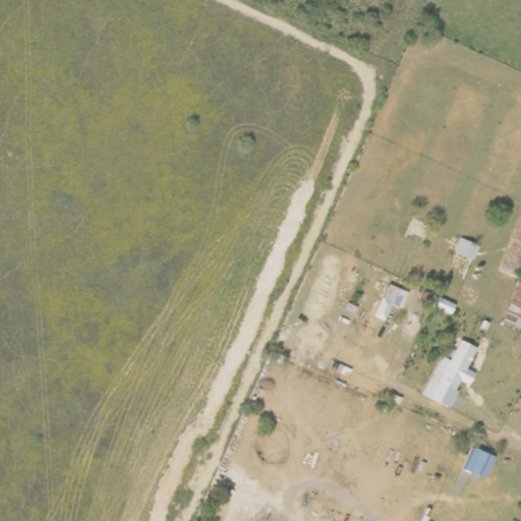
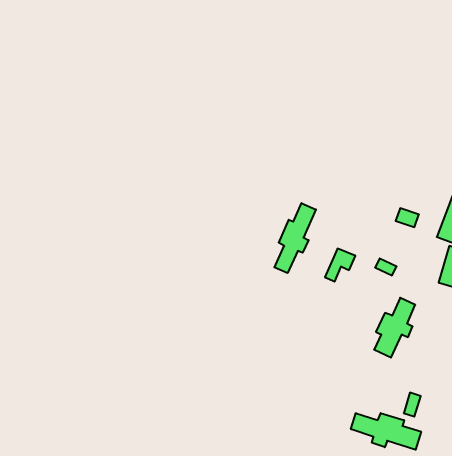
building: none -> [274,203,316,273]
building: none -> [351,413,421,450]

